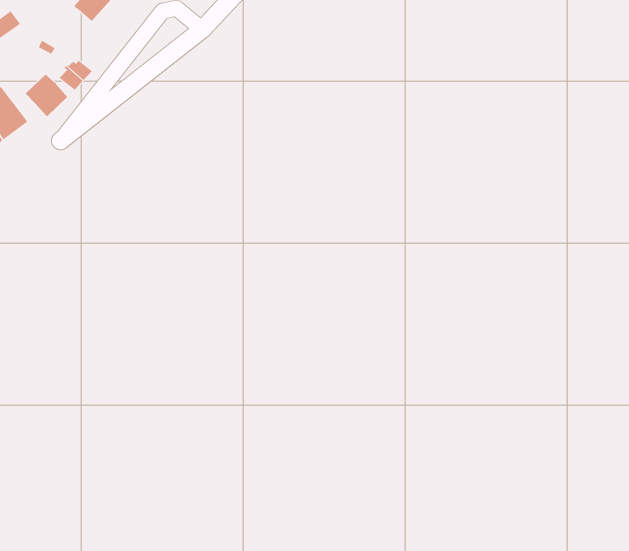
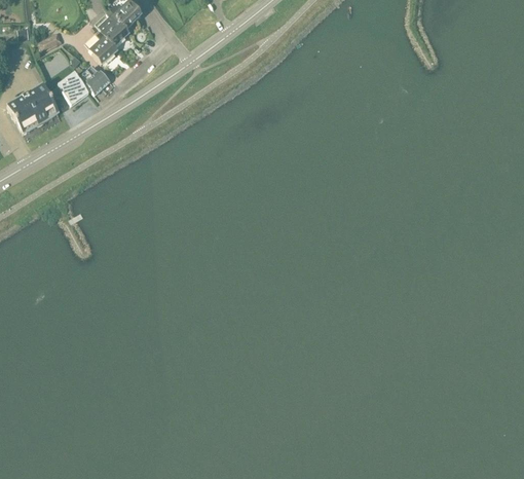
building: none -> [88,34,116,62]

